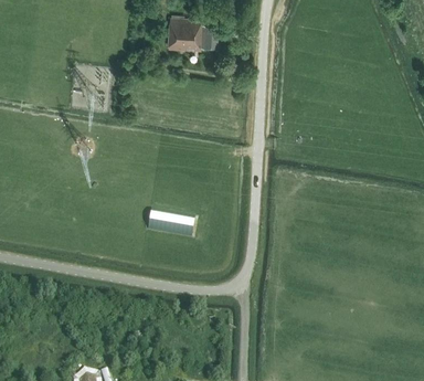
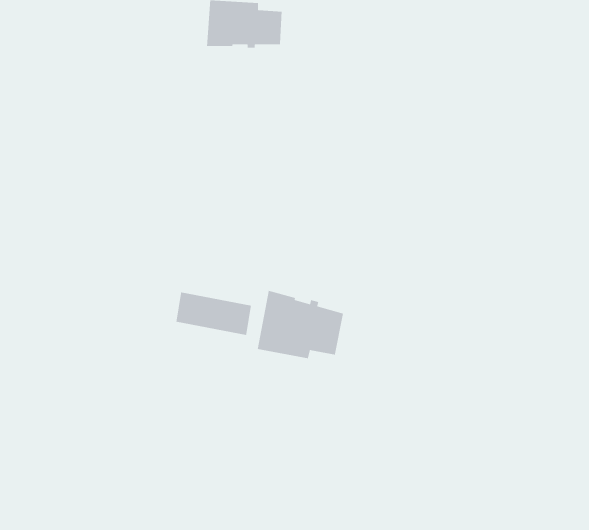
building: none -> [257,290,344,359]

